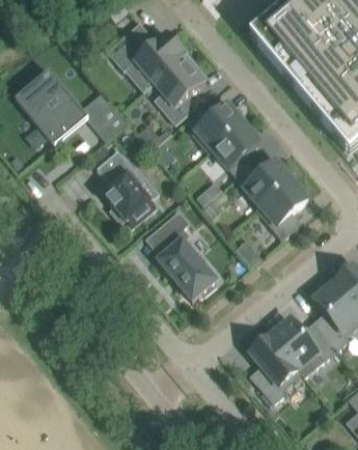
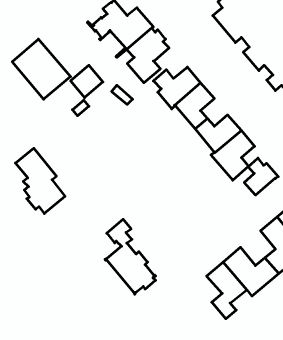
building: [97,148,156,226] -> [15,148,65,214]
building: [157,210,217,300] -> [105,219,156,294]
building: none -> [244,158,278,195]

